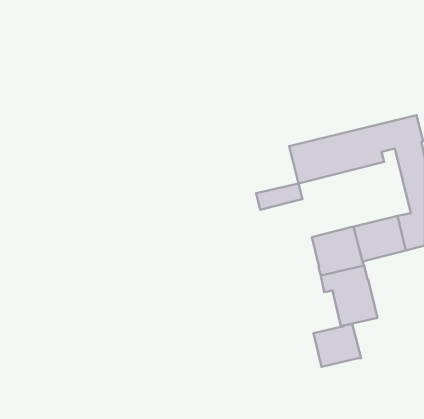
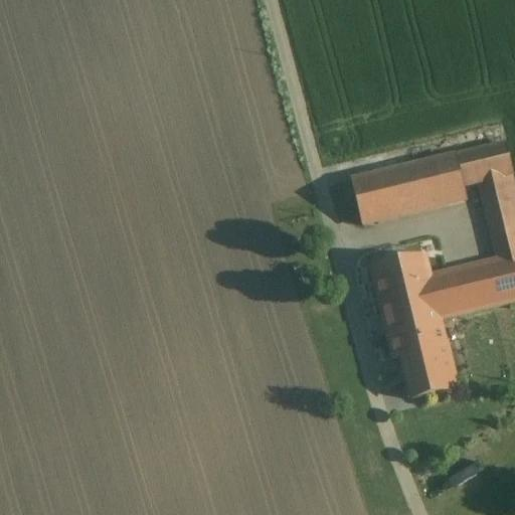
building: [256,183,303,210] -> [373,255,430,288]
building: [314,324,361,367] -> none

